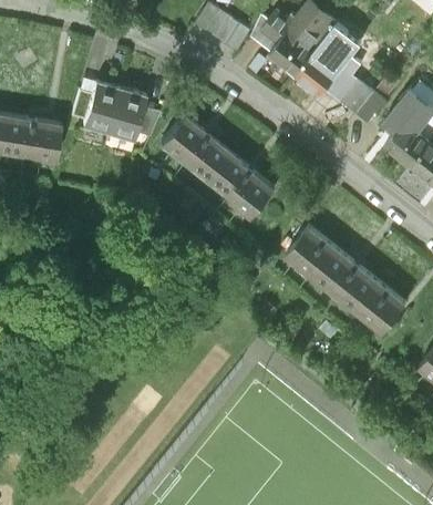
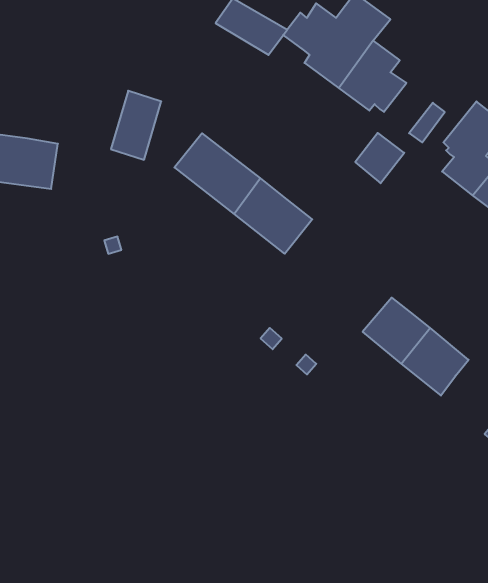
building: [81,74,121,130] -> none
building: [334,74,375,116] -> [355,133,404,183]
building: [285,227,341,282] -> none

